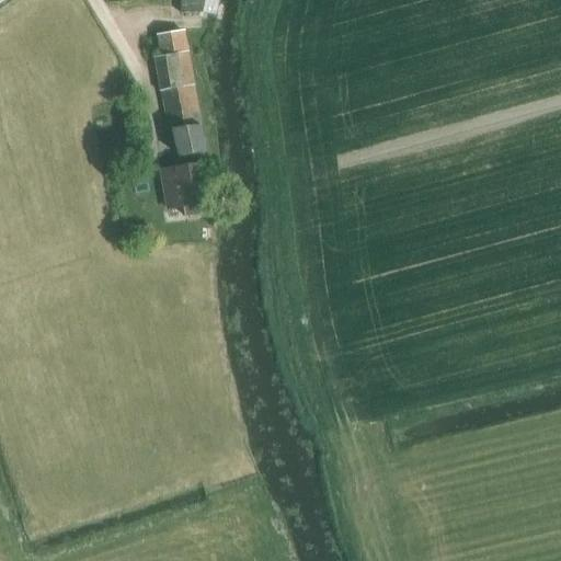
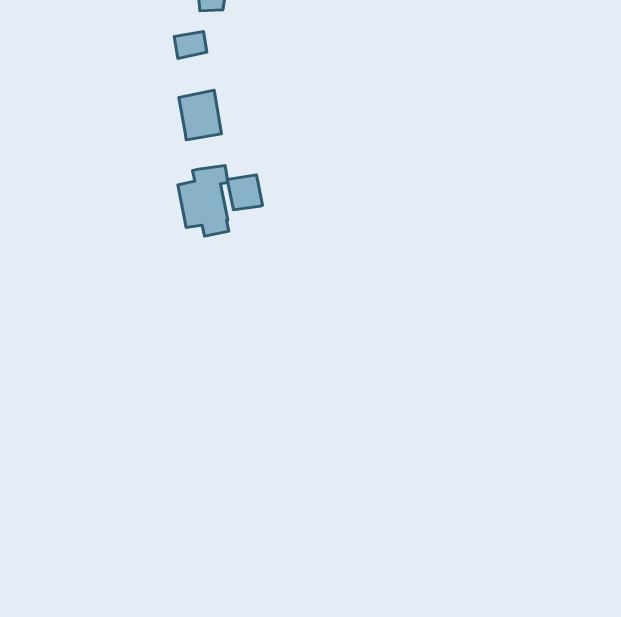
building: [153,47,193,88] -> none
building: [173,121,205,152] -> [227,175,263,210]

